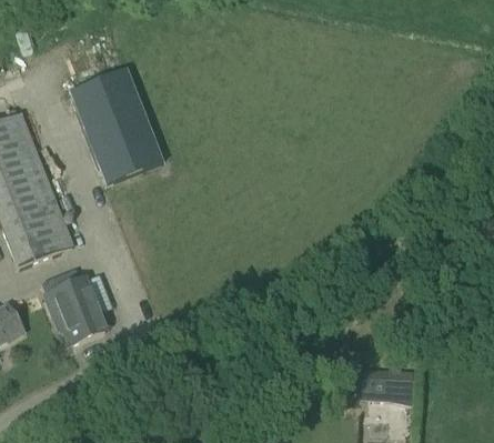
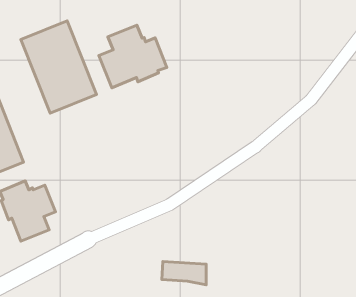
building: none -> [99,25,167,88]
building: [356,375,412,404] -> [162,262,206,285]

